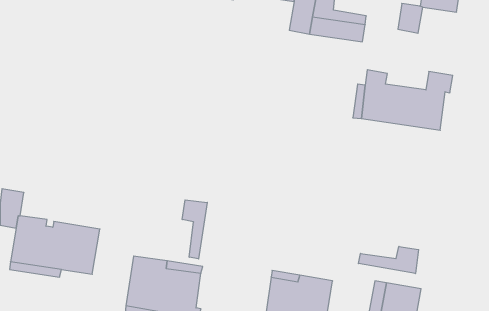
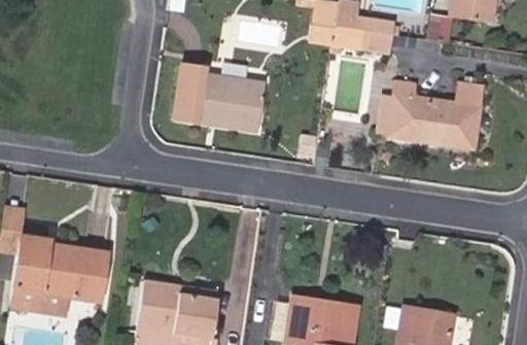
building: none -> [174,65,264,130]
building: [182,200,207,259] -> none
building: [358,246,419,274] -> none

